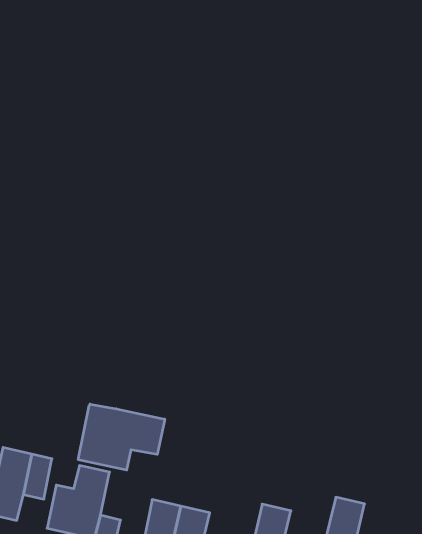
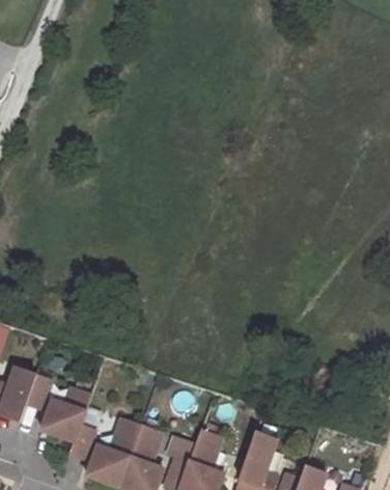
building: [78,404,165,470] -> none

